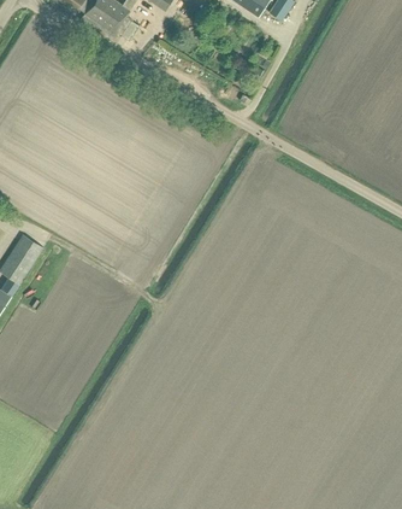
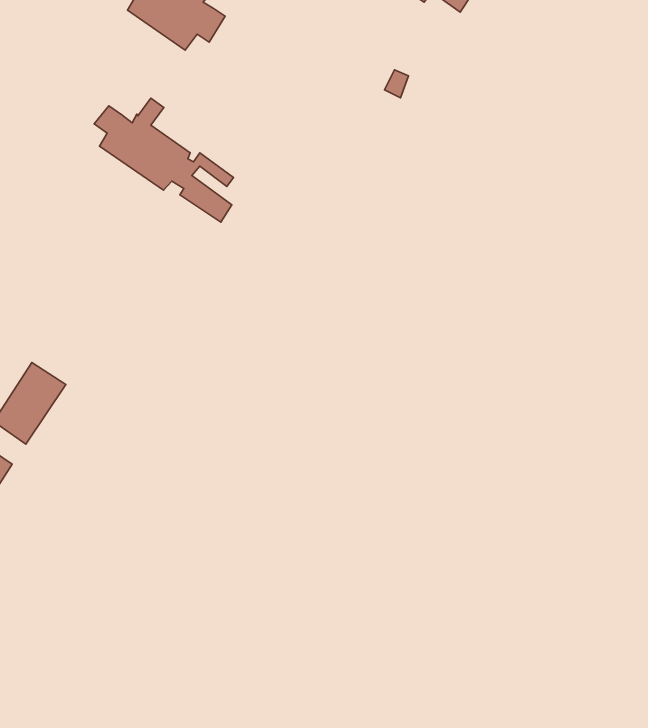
building: none -> [94,98,233,222]

